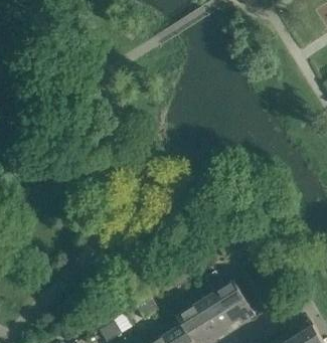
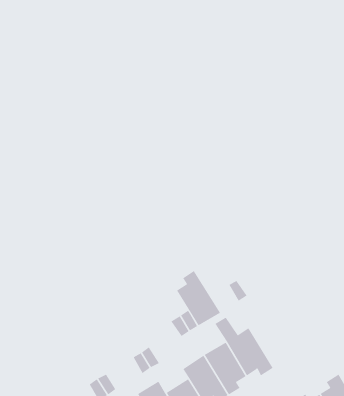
building: none -> [169,270,221,326]

